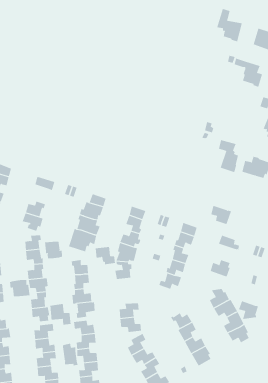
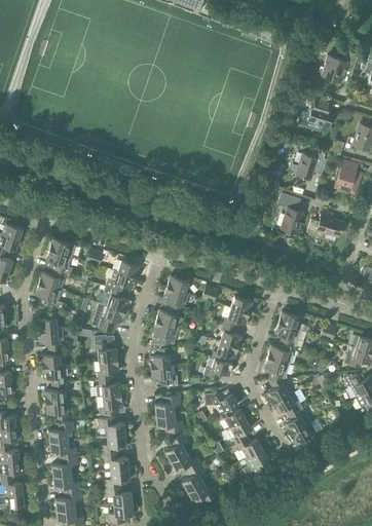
building: [216,8,243,42] -> none
building: none -> [296,151,326,180]
building: none -> [46,249,73,275]
building: [210,205,232,225] -> [275,323,302,347]
building: [44,241,63,259] -> none
building: [95,247,116,265] -> [152,365,178,387]
building: [9,279,30,297] -> none
building: none -> [206,392,238,414]
building: [238,301,259,320] -> [264,356,290,380]
building: [50,303,71,325] -> none
building: [62,343,78,366] -> none

